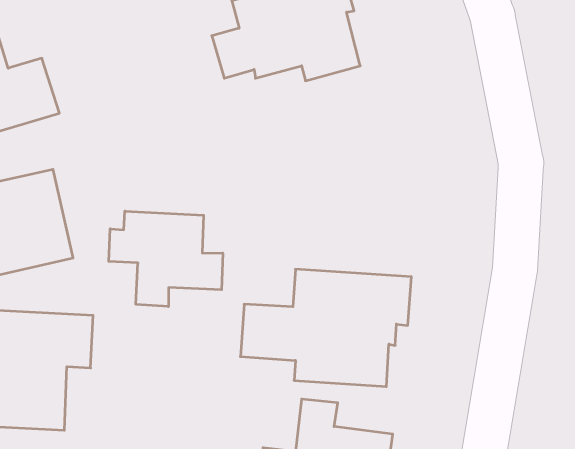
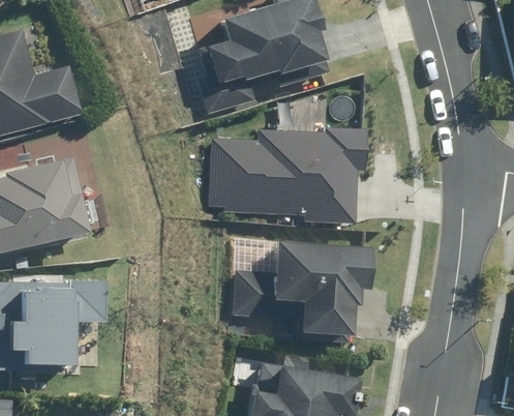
building: none -> [206,128,365,225]
building: [109,211,223,307] -> none

